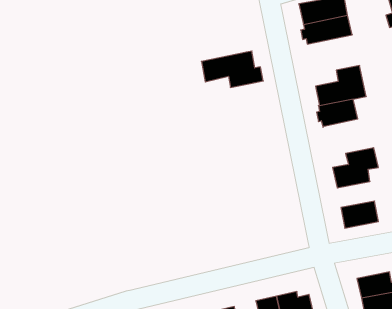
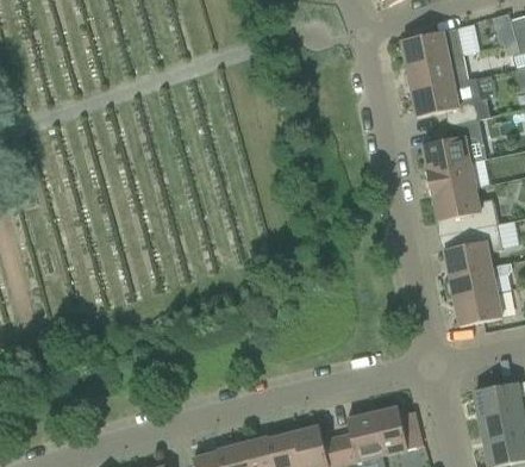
building: [201,51,263,87] -> [412,77,490,124]
building: none -> [433,186,496,230]
building: none -> [446,262,512,299]

